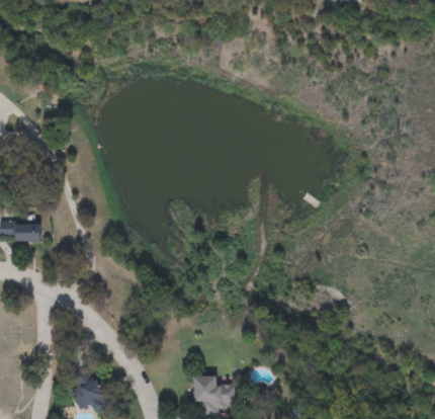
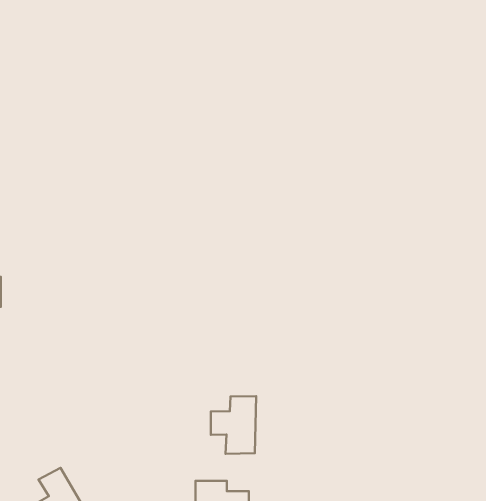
building: none -> [211,396,256,454]

